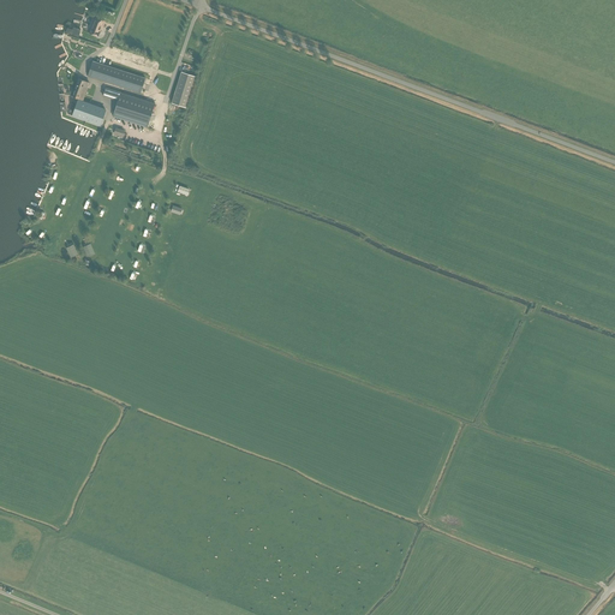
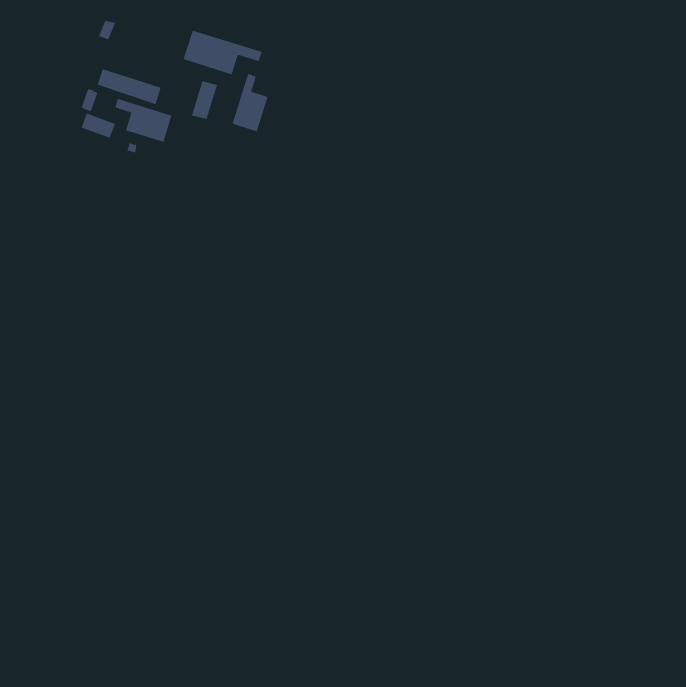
building: none -> [183,30,262,75]
building: none -> [232,73,268,132]

